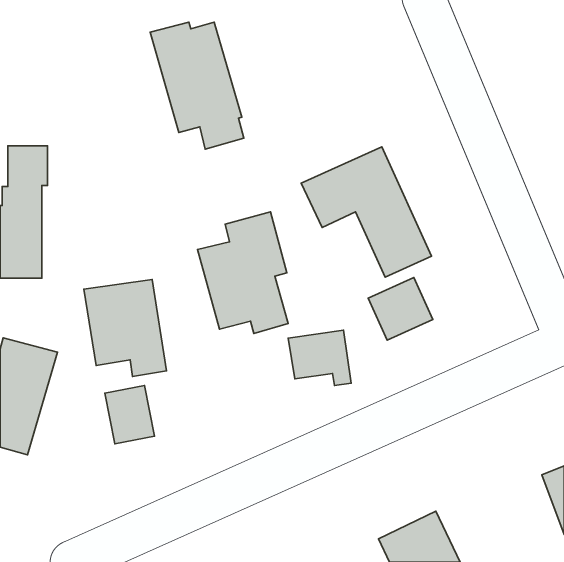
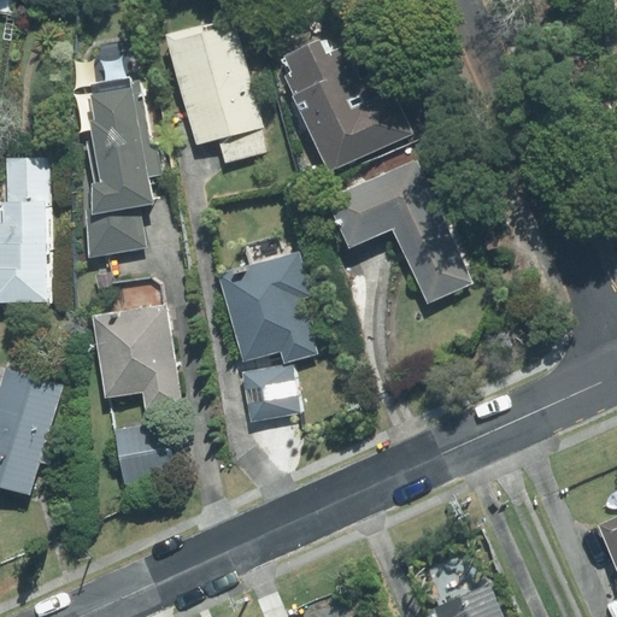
building: none -> [280,41,410,171]
building: none -> [84,80,153,259]
building: [368,277,433,340] -> none
building: [288,330,351,386] -> [234,365,302,425]

